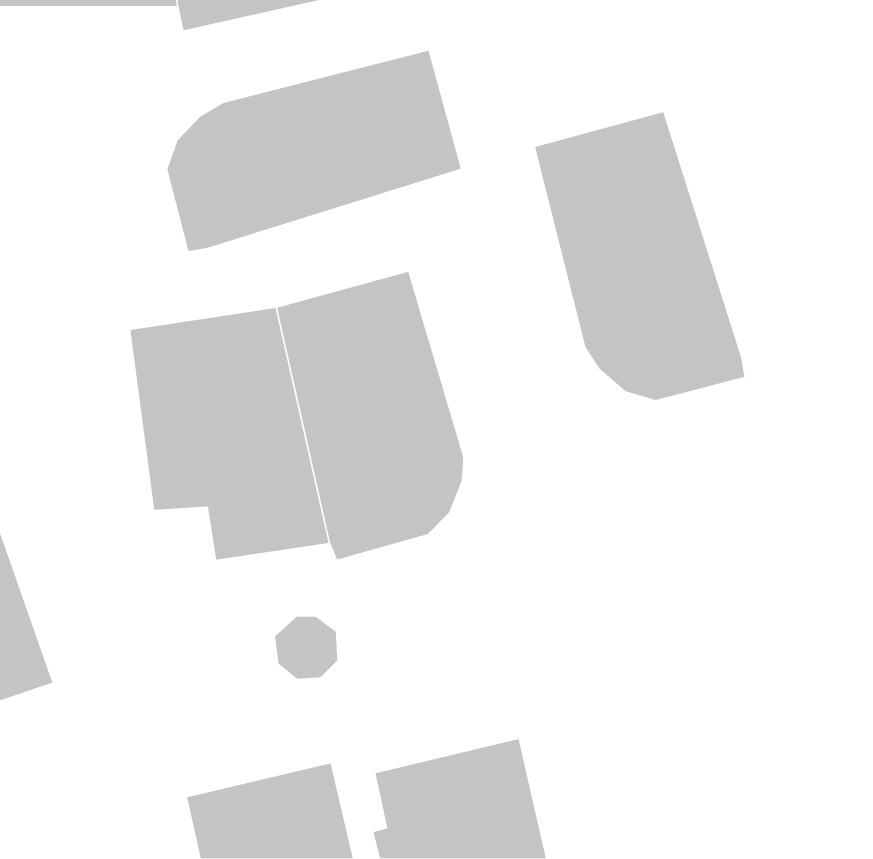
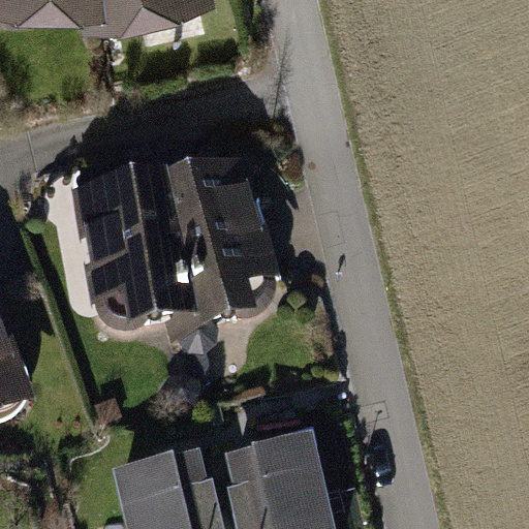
building: [166,50,462,252] -> none
building: [534,111,745,401] -> none

